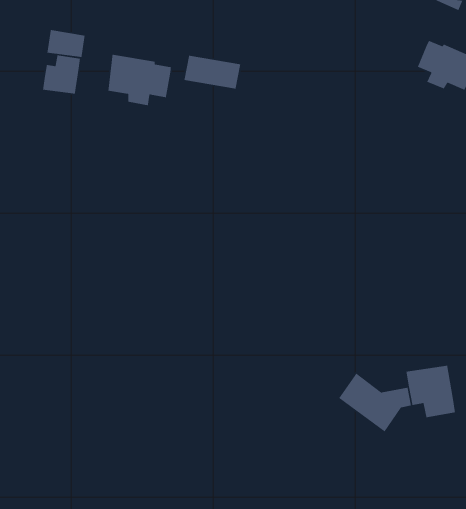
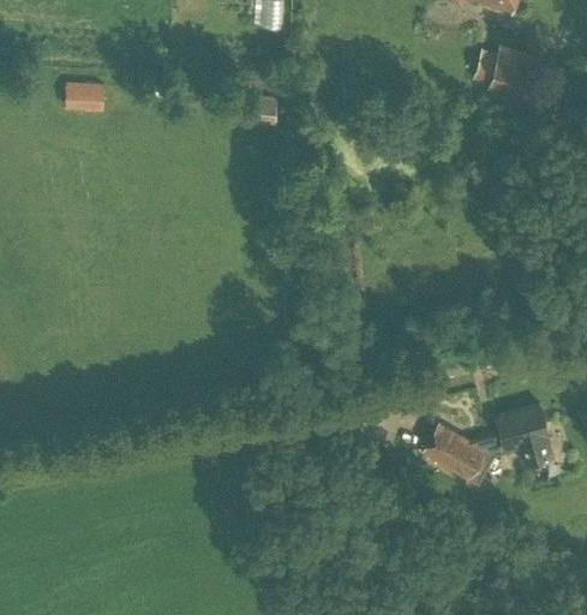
building: [107,54,172,106] -> none
building: [42,54,81,95] -> none

